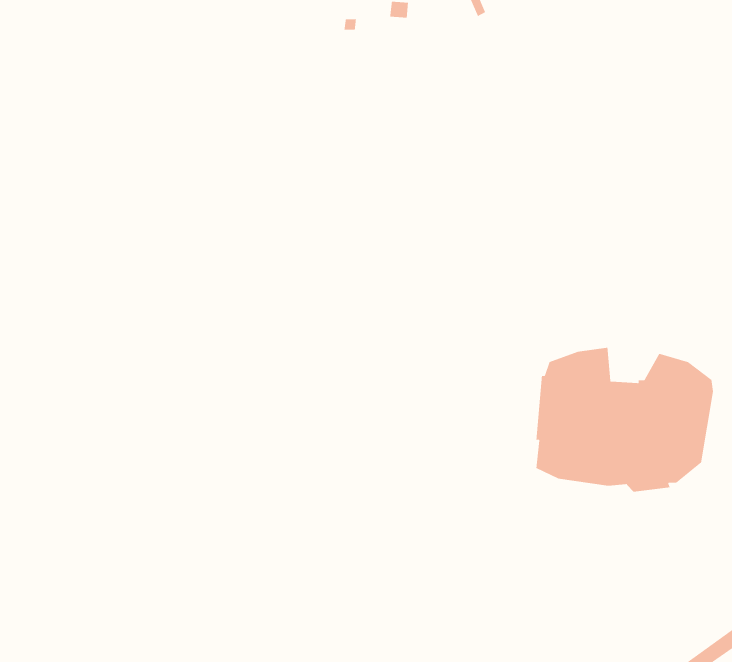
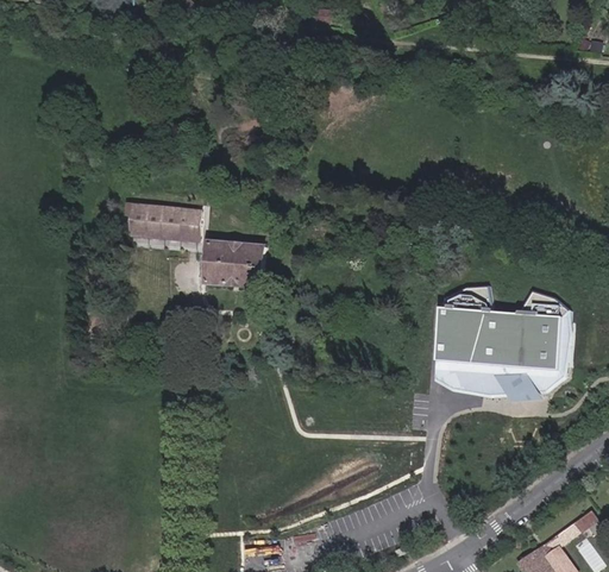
building: none -> [126,203,202,241]
building: none -> [207,241,265,288]

